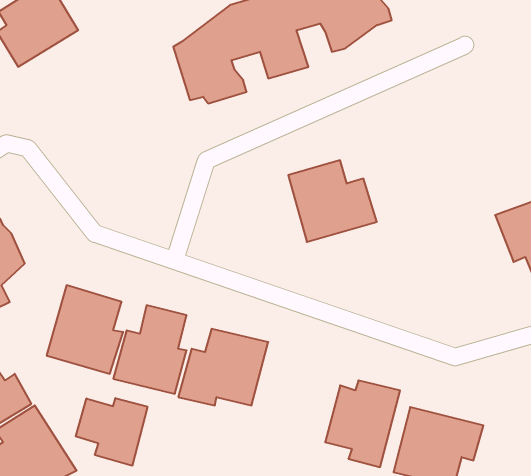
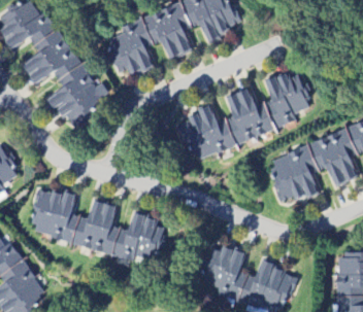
building: none -> [21,30,108,128]
building: none -> [225,73,310,143]
building: none -> [272,146,318,206]
building: [76,398,147,466] -> none

